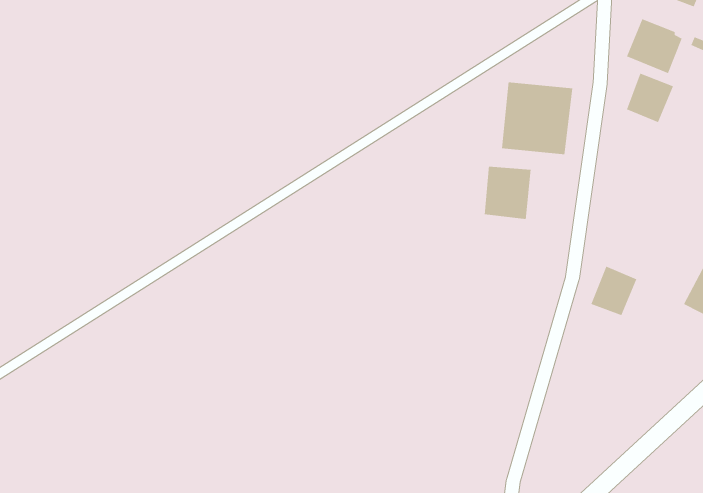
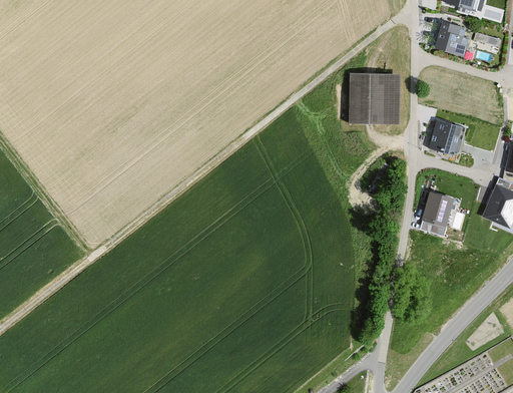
building: [626,73,674,123] -> [431,120,462,153]
building: [484,166,531,220] -> none

